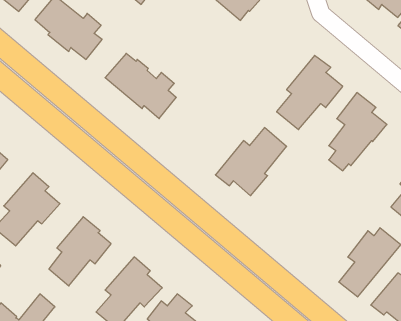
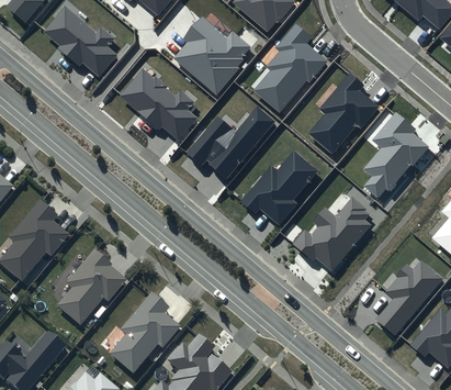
building: none -> [173,18,251,96]
building: none -> [252,24,328,113]
building: none -> [188,105,277,179]
building: none -> [292,198,372,272]

